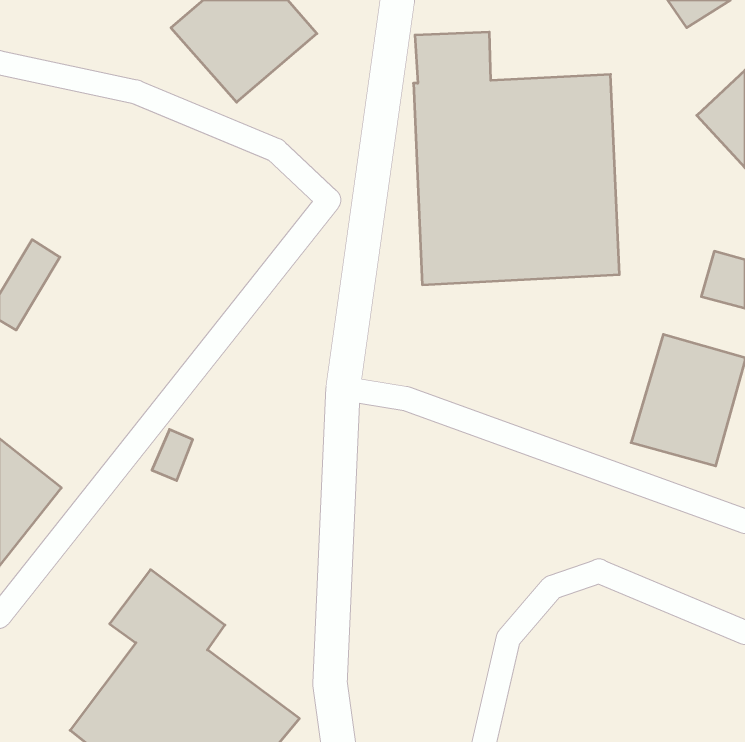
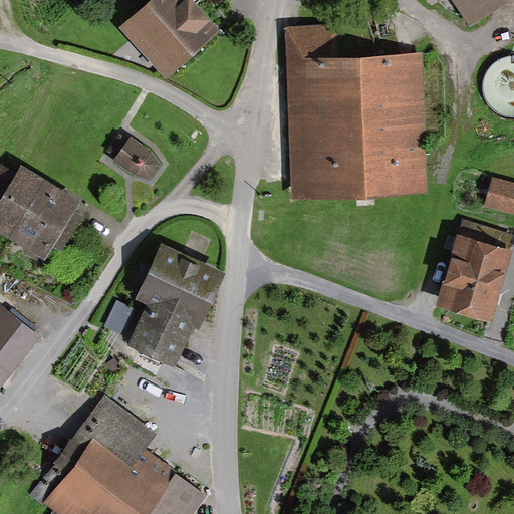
building: none -> [107,137,166,185]
building: none -> [11,180,76,250]
building: none -> [128,241,223,361]

